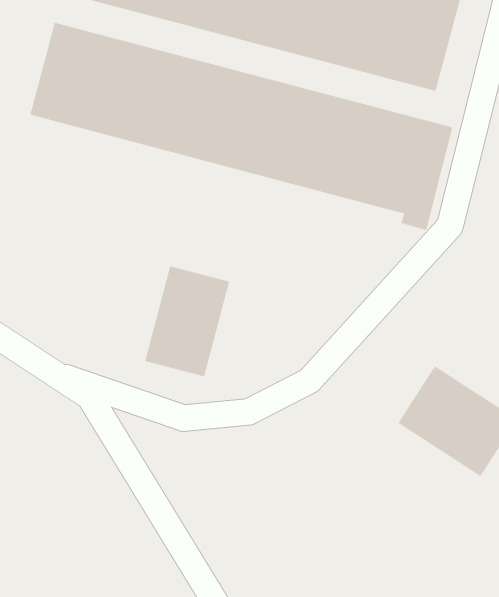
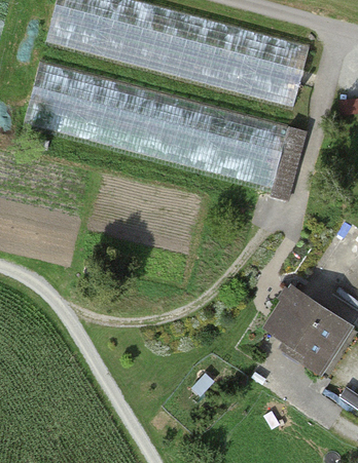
building: [144,265,230,377] -> none

